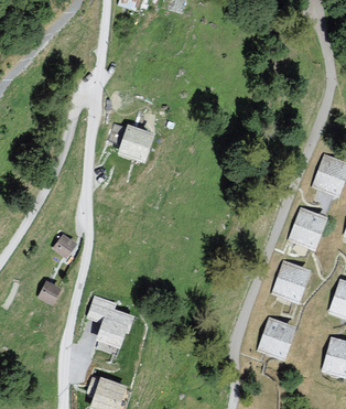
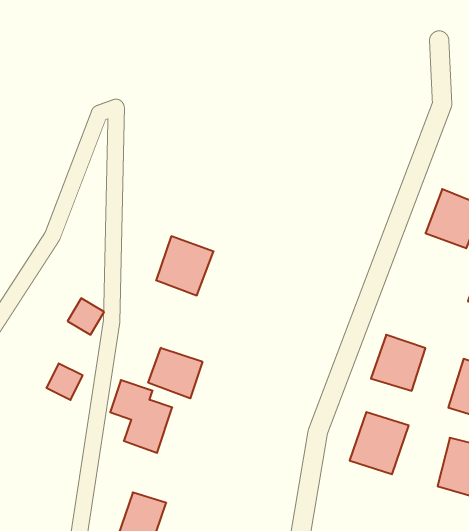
building: [112,122,154,165] -> [156,236,214,295]
building: [288,207,329,251] -> none
building: none -> [148,348,202,398]

